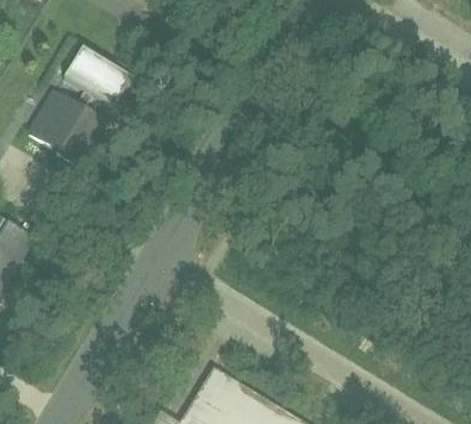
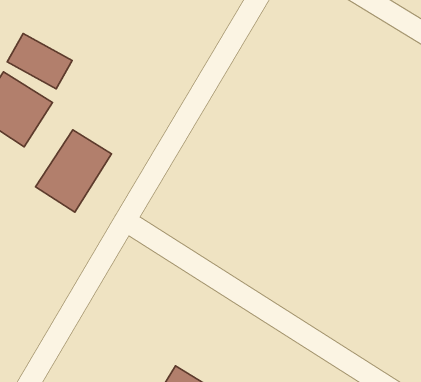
building: none -> [36,130,112,212]

